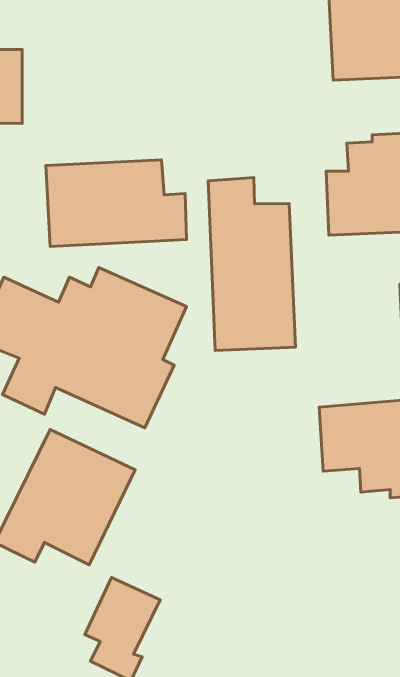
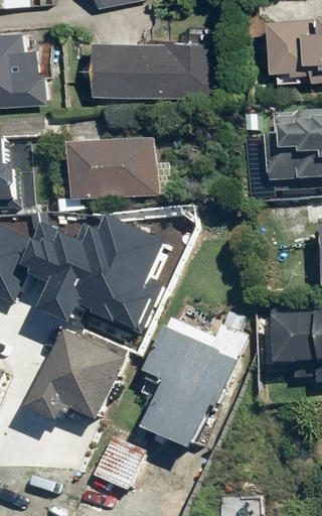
building: none -> [94,37,223,98]
building: [208,178,296,350] -> none
building: none -> [140,327,234,455]

